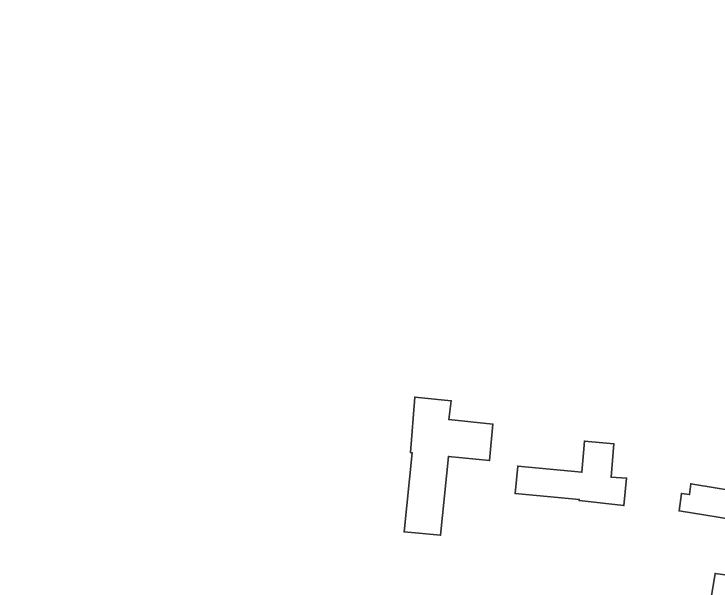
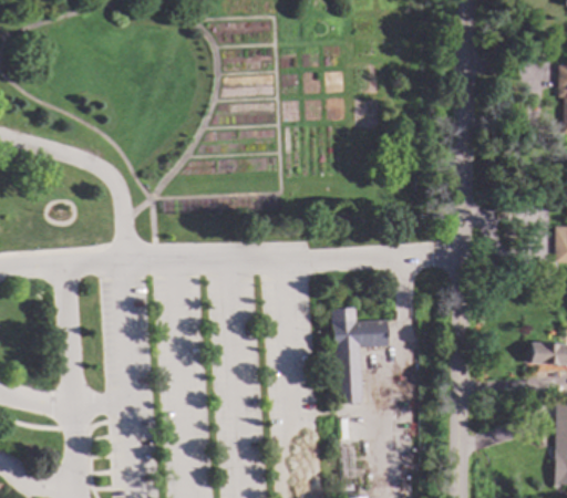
building: [515,441,626,505] -> none

